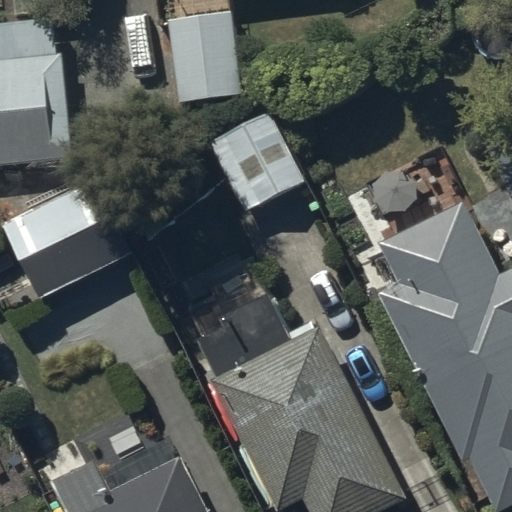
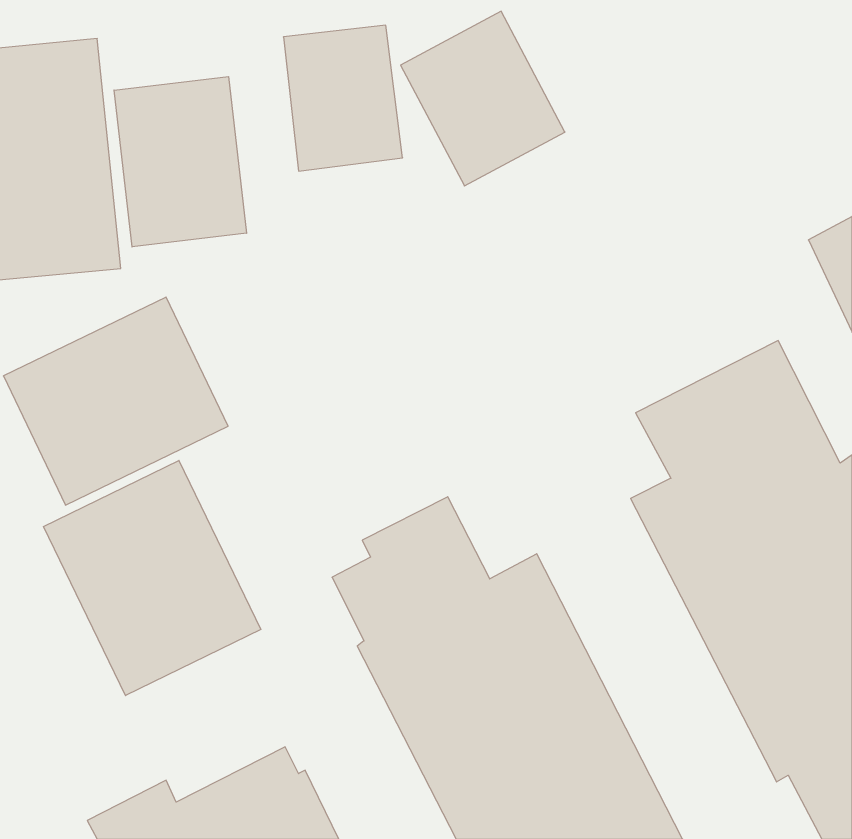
building: none -> [114,77,247,247]
building: [207,108,305,212] -> [401,11,565,186]
building: none -> [44,460,261,696]

